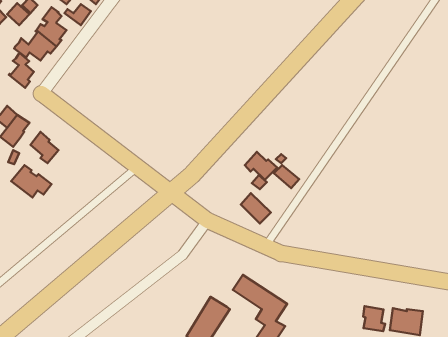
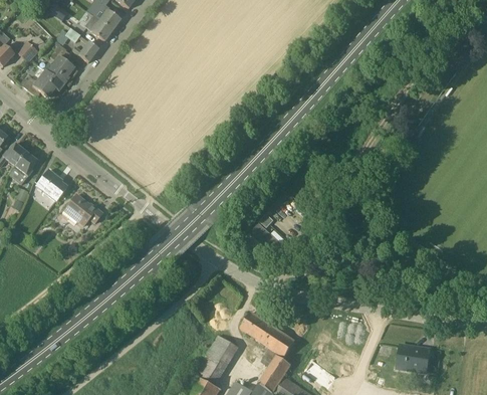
building: [9,53,34,88] -> none
building: [245,152,277,180] -> none
building: [11,165,52,197] -> [63,195,103,227]
building: [363,306,385,331] -> none

